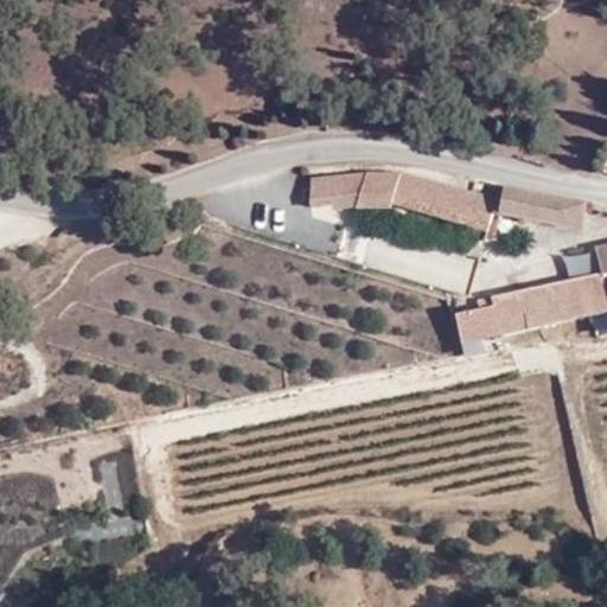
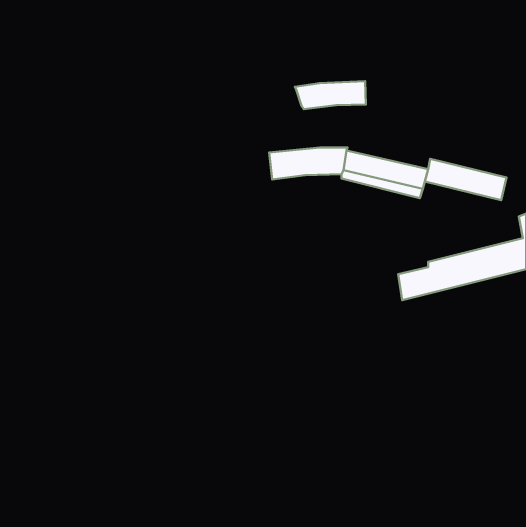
building: none -> [295,81,366,109]

